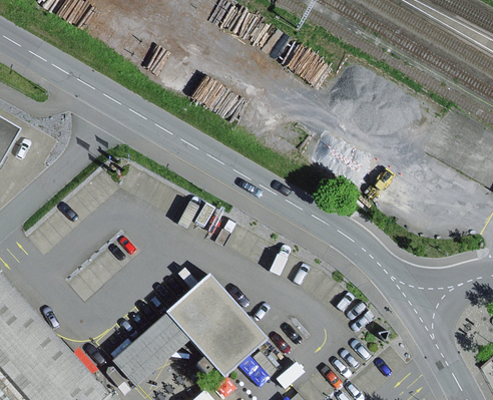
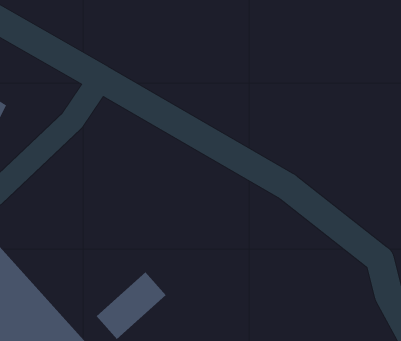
building: [166,276,266,376] -> none

